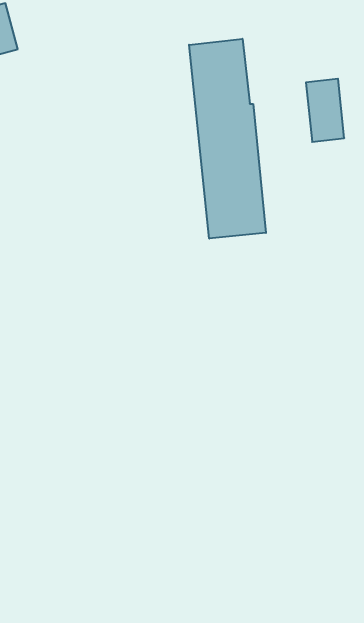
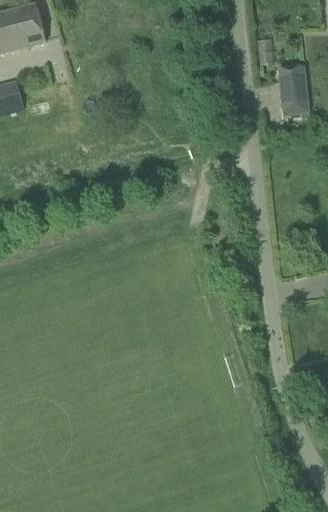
building: [189,39,266,239] -> none

